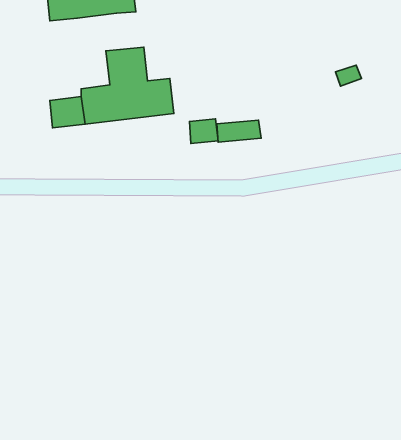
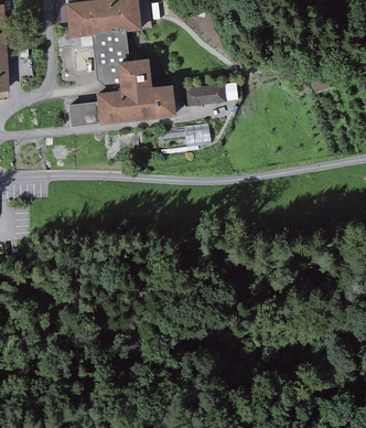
building: none -> [92,30,128,83]
building: [217,120,261,142] -> [185,86,223,105]

